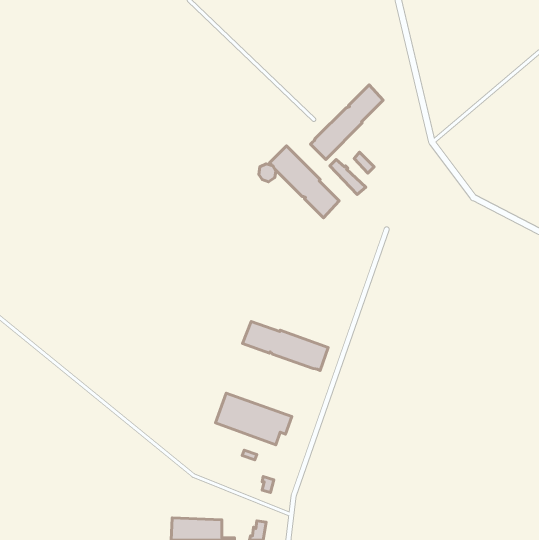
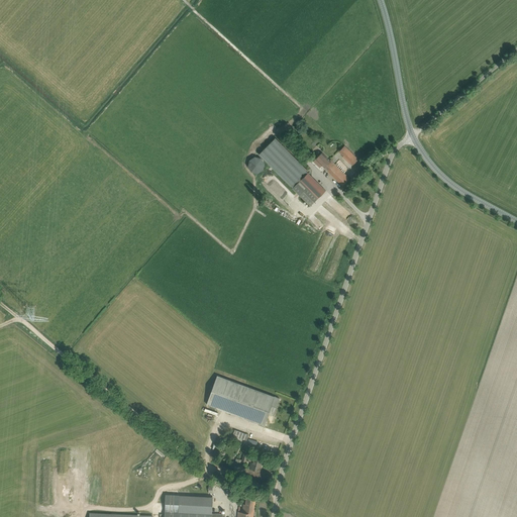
building: [311,85,383,159] -> none
building: [242,321,328,370] -> none

